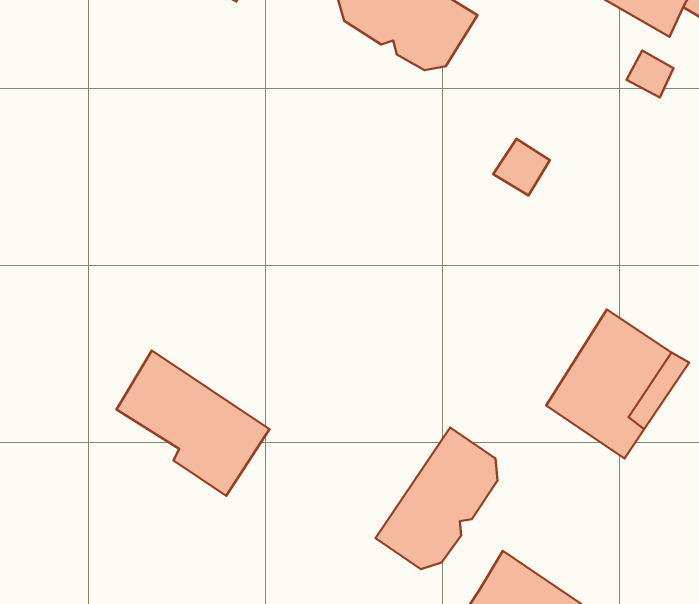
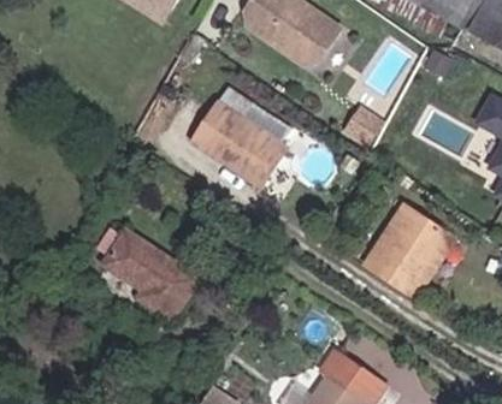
building: none -> [195,87,302,194]
building: [375,428,498,569] -> none

